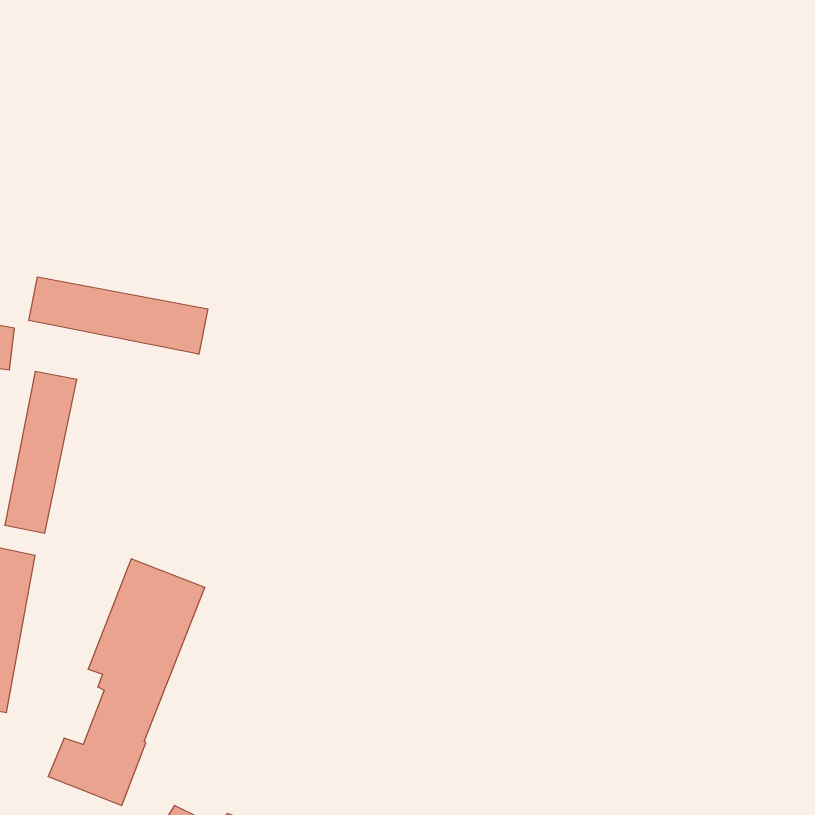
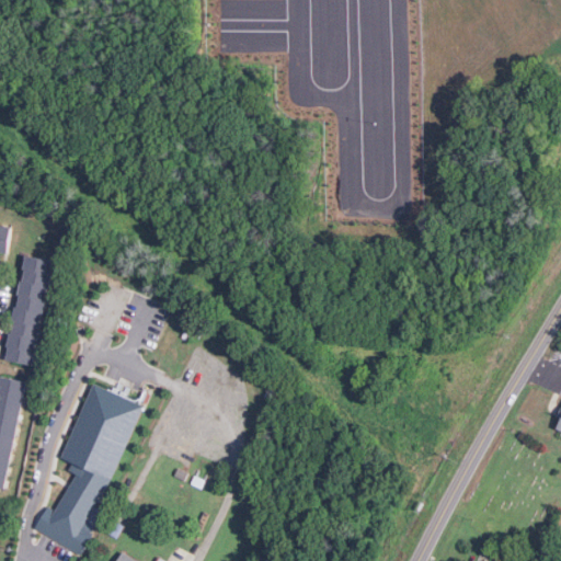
building: [29,277,208,354] -> none

